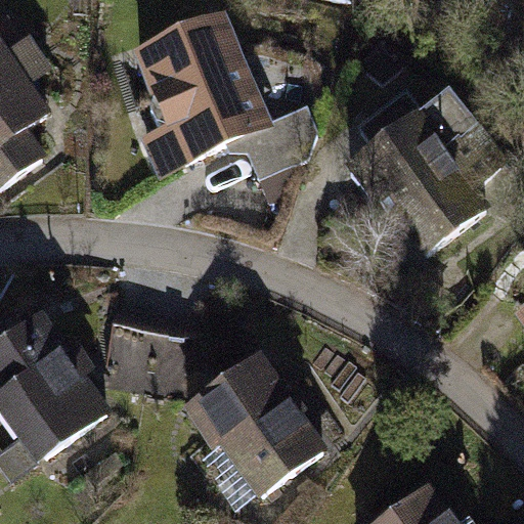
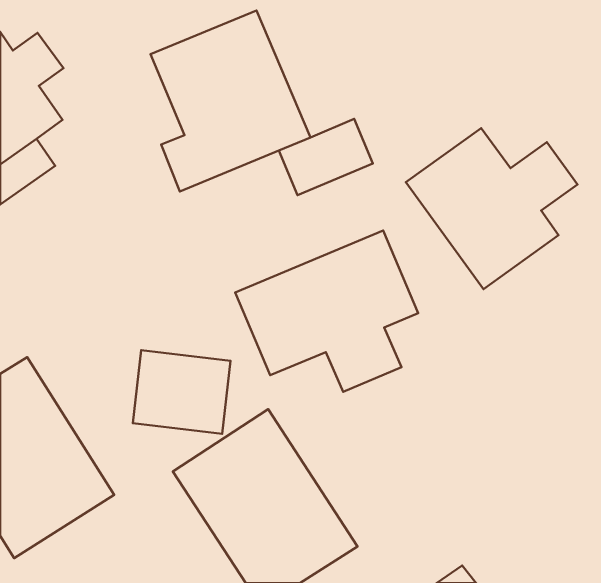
building: none -> [235,231,418,392]

